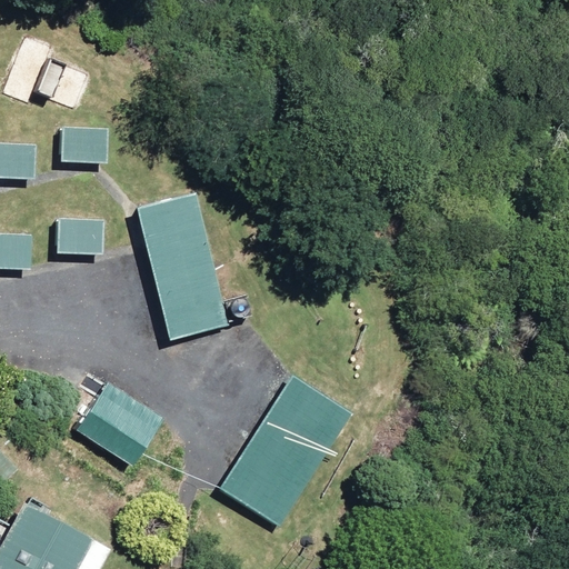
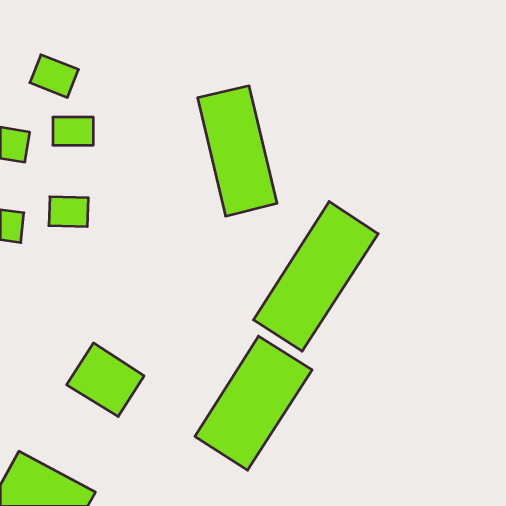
building: [136,194,224,340] -> [198,86,277,216]
building: none -> [253,201,378,351]

